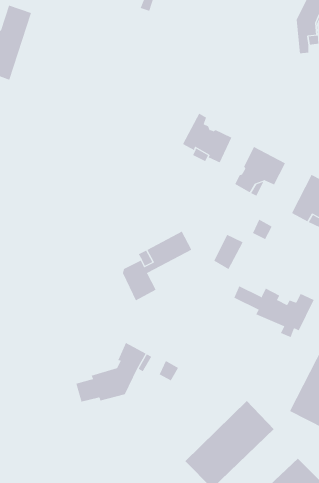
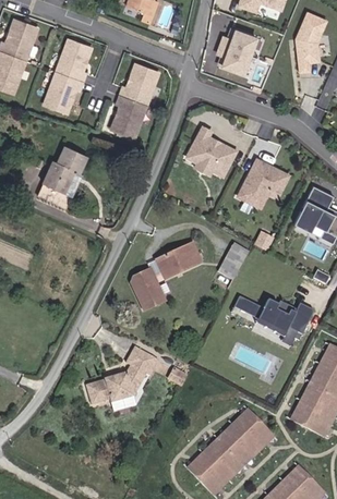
building: none -> [215,26,261,76]
building: none -> [48,39,93,112]
building: none -> [115,62,160,135]
building: none -> [40,146,84,194]

